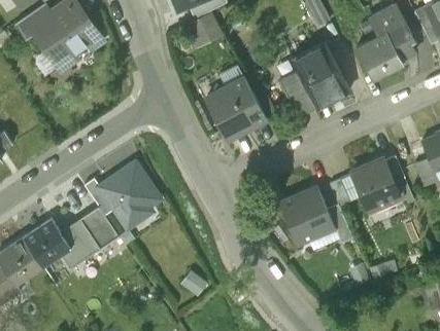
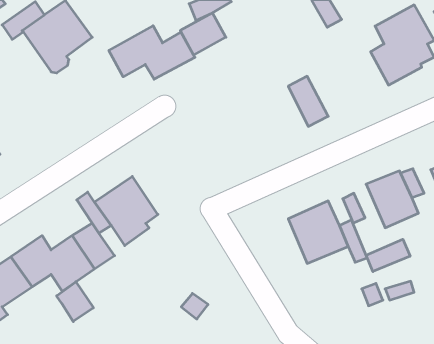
building: none -> [109,26,195,79]
building: [292,43,349,108] -> none
building: [206,77,267,140] -> none
building: none -> [366,239,410,272]
building: none -> [57,282,93,322]

